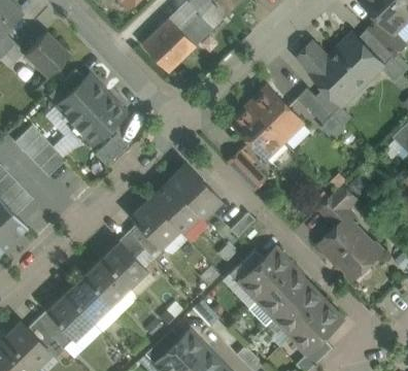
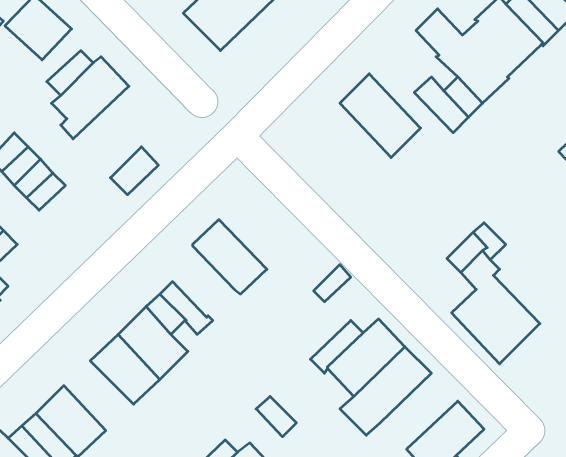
building: [70,94,126,144] -> none
building: [230,105,281,158] -> none
building: [227,150,265,190] -> none
building: [167,164,220,218] -> none
building: [130,199,177,247] -> none
building: [64,276,110,323] -> none
building: [274,284,326,335] -> none

